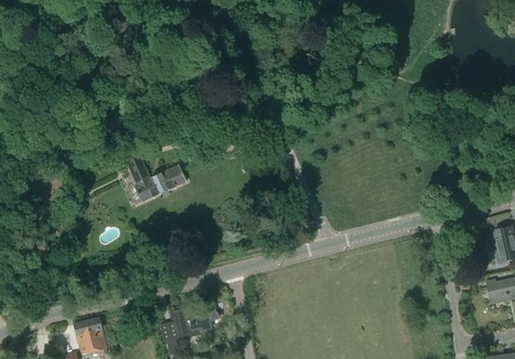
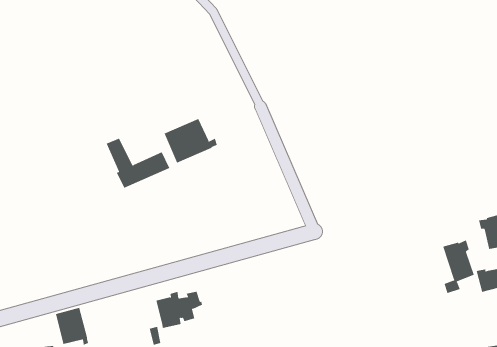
building: none -> [164,118,217,164]
building: none -> [442,240,474,294]

